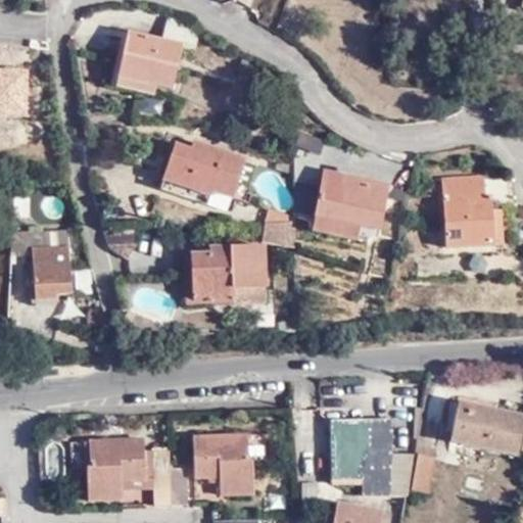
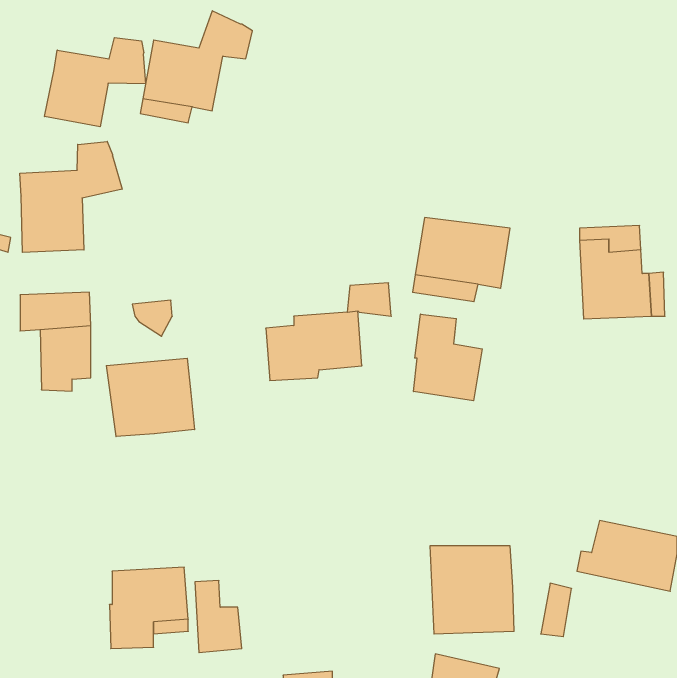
building: none -> [45,38,146,127]
building: none -> [20,141,122,252]
building: [157,145,246,207] -> none
building: none -> [414,314,482,401]
building: none -> [106,358,195,437]
building: [191,432,251,492] -> none
building: [362,453,414,496] -> none

